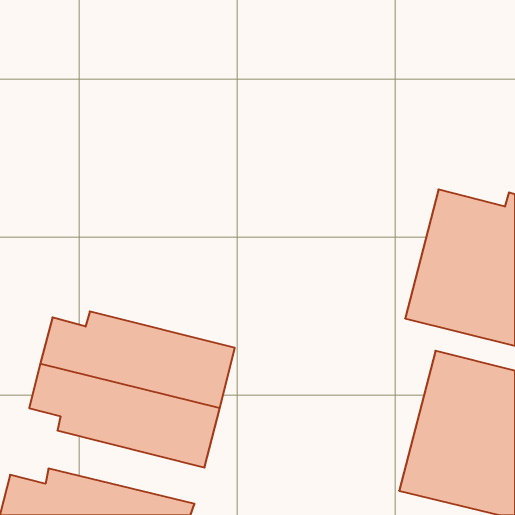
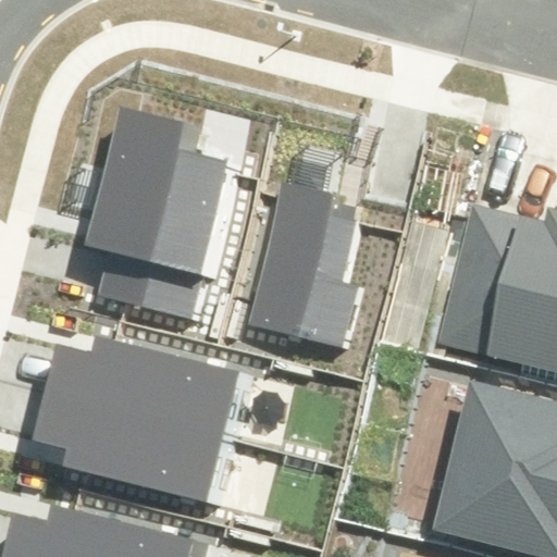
building: none -> [86,103,236,320]
building: none -> [247,182,361,348]

